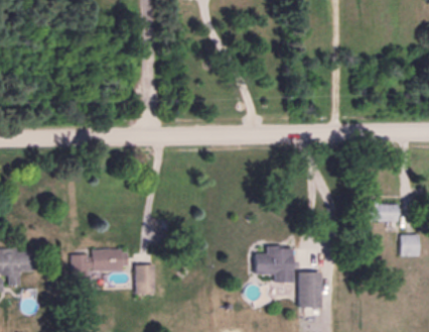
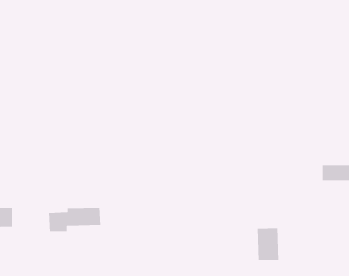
building: [255,246,294,283] -> none
building: [135,264,156,294] -> none

